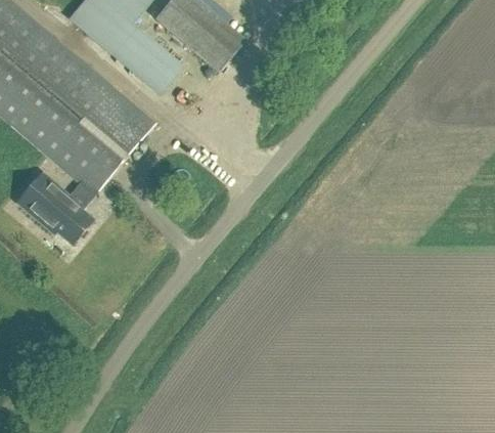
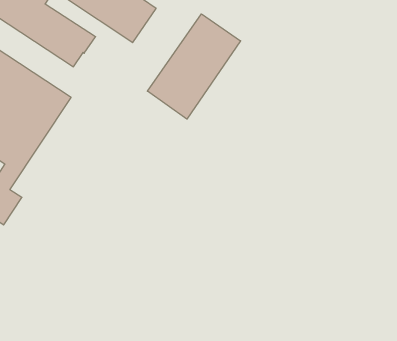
building: none -> [147,14,241,119]

